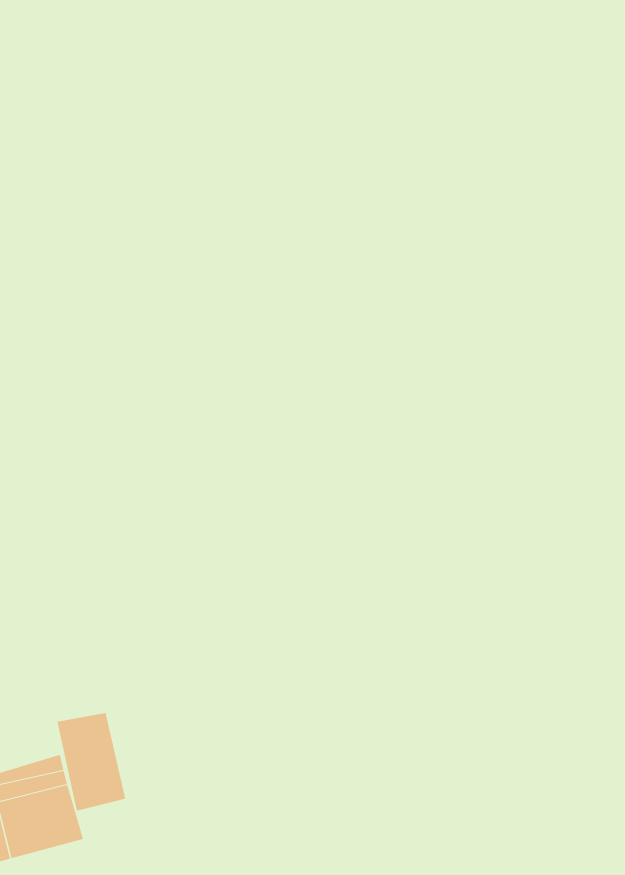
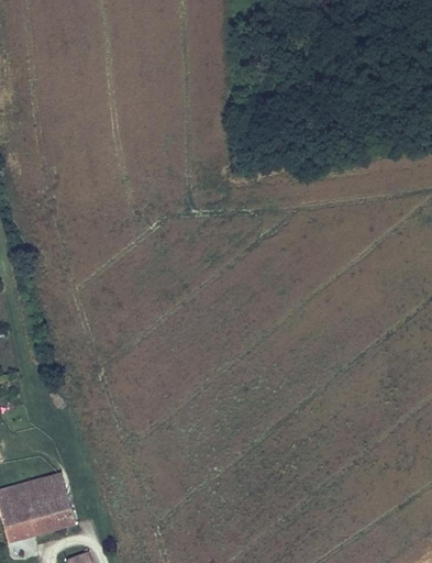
building: [57,712,126,811] -> none

